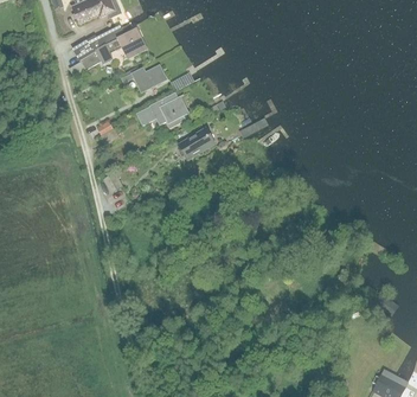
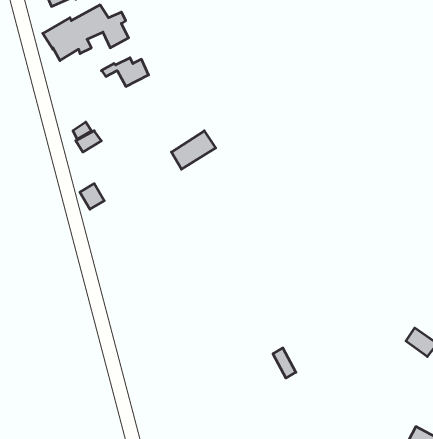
building: [136,90,187,128] -> none

